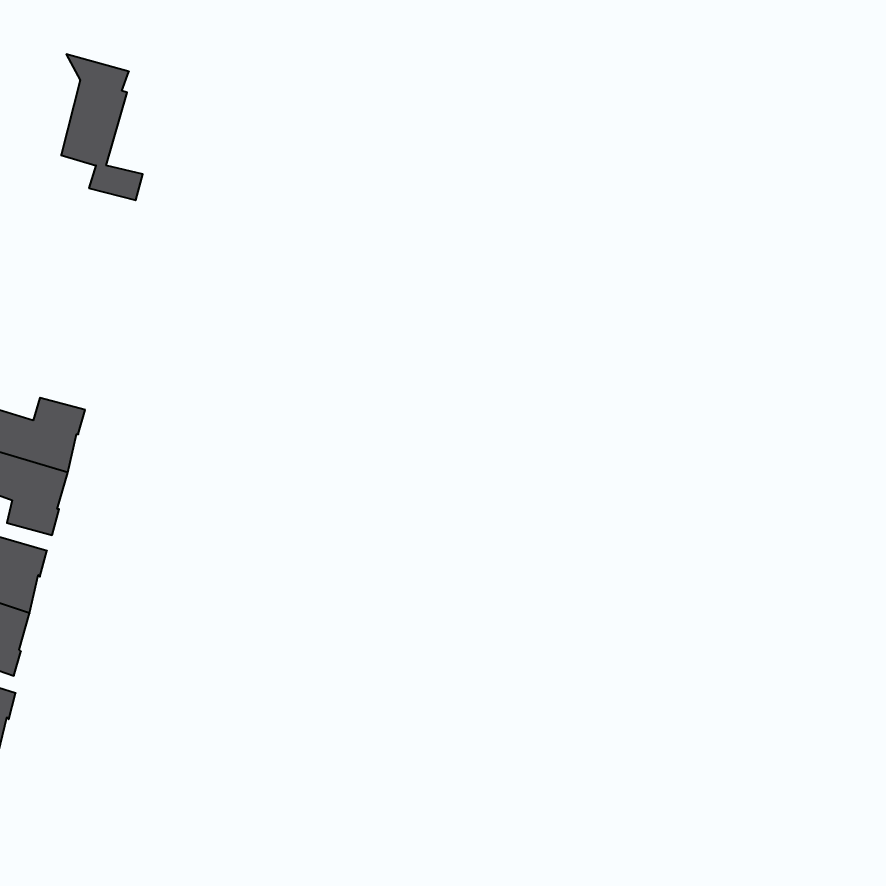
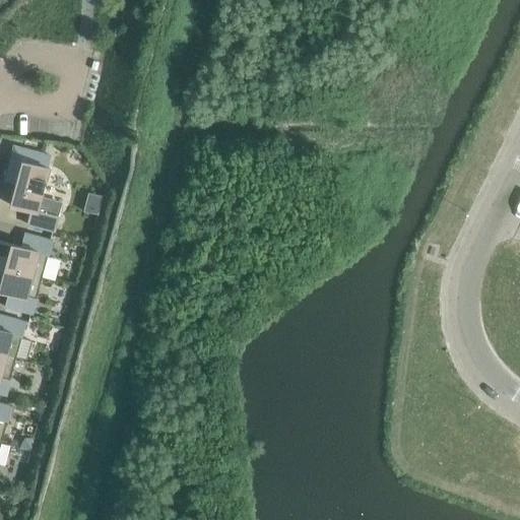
building: [61,54,143,200] -> [9,145,57,231]

